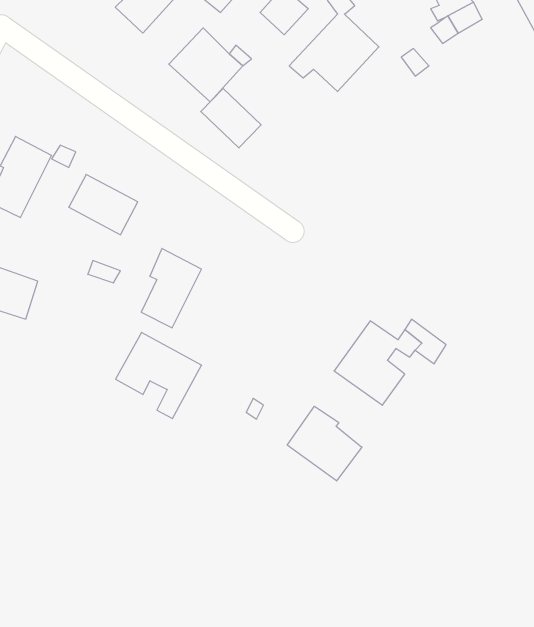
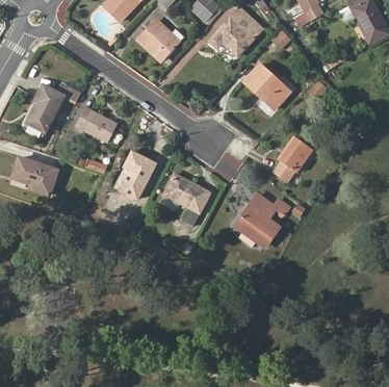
building: [201,89,261,148] -> none
building: none -> [243,63,290,109]
building: none -> [273,137,312,182]
building: [116,332,202,419] -> [157,173,209,225]
building: [287,406,362,481] -> none

